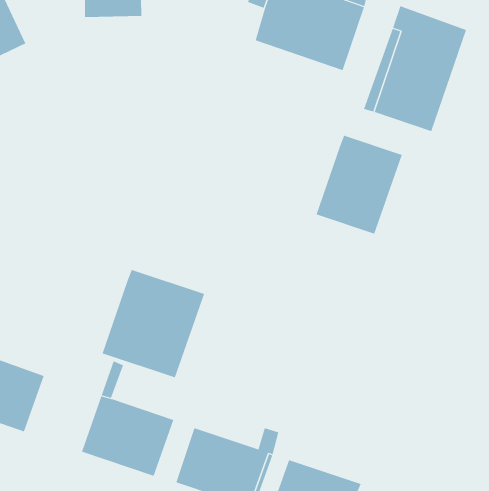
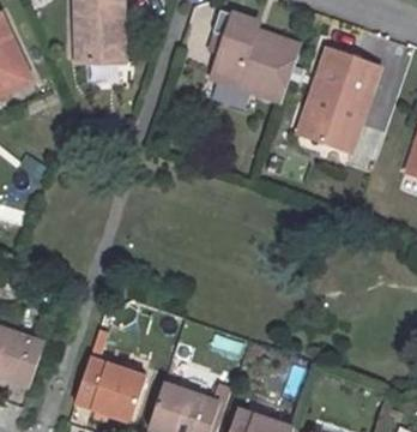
building: [316,135,403,234] -> none
building: [102,269,205,378] -> none

